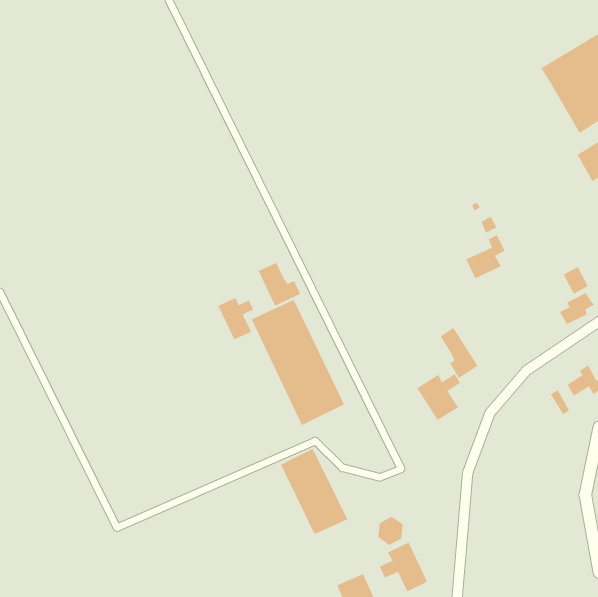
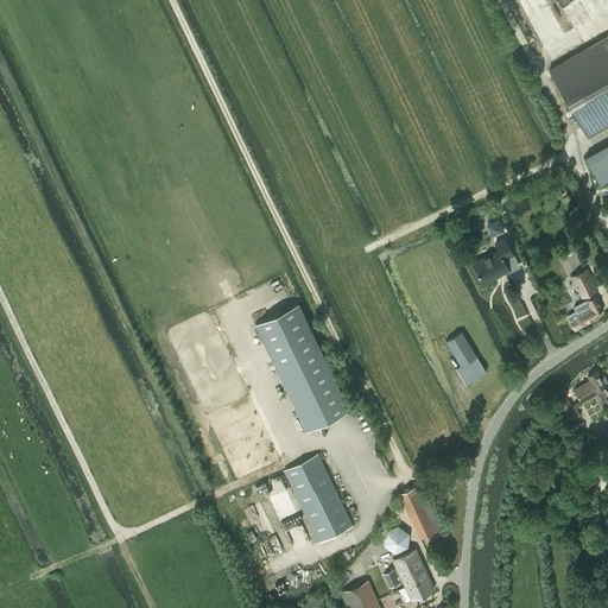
building: [258,262,301,306] -> none
building: [218,297,254,340] -> none
building: [416,373,461,421] -> none
building: none -> [400,488,441,540]

